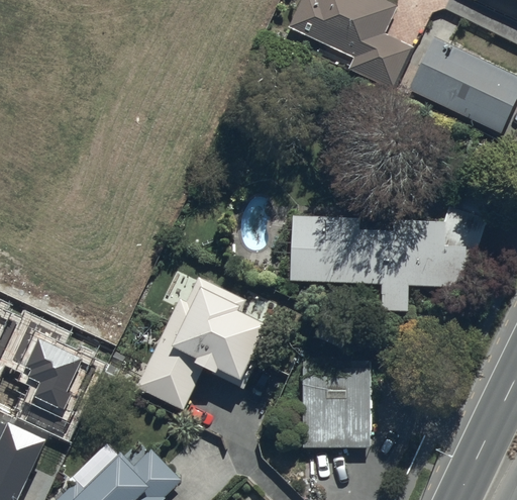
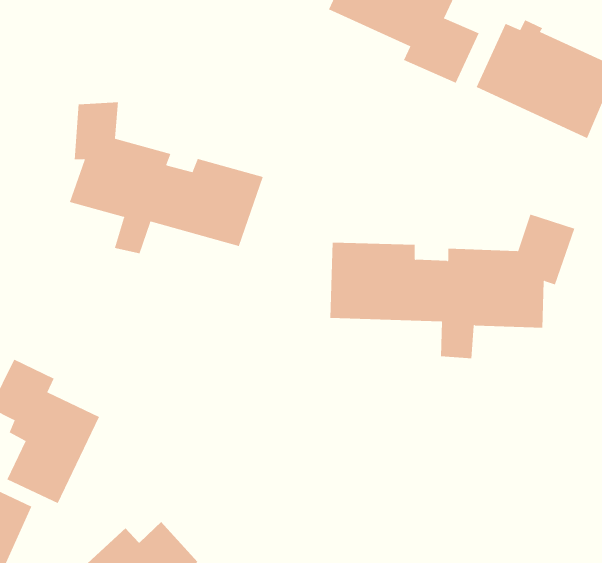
building: none -> [69,102,263,254]
building: [135,278,273,411] -> none
building: [302,362,371,448] -> none

